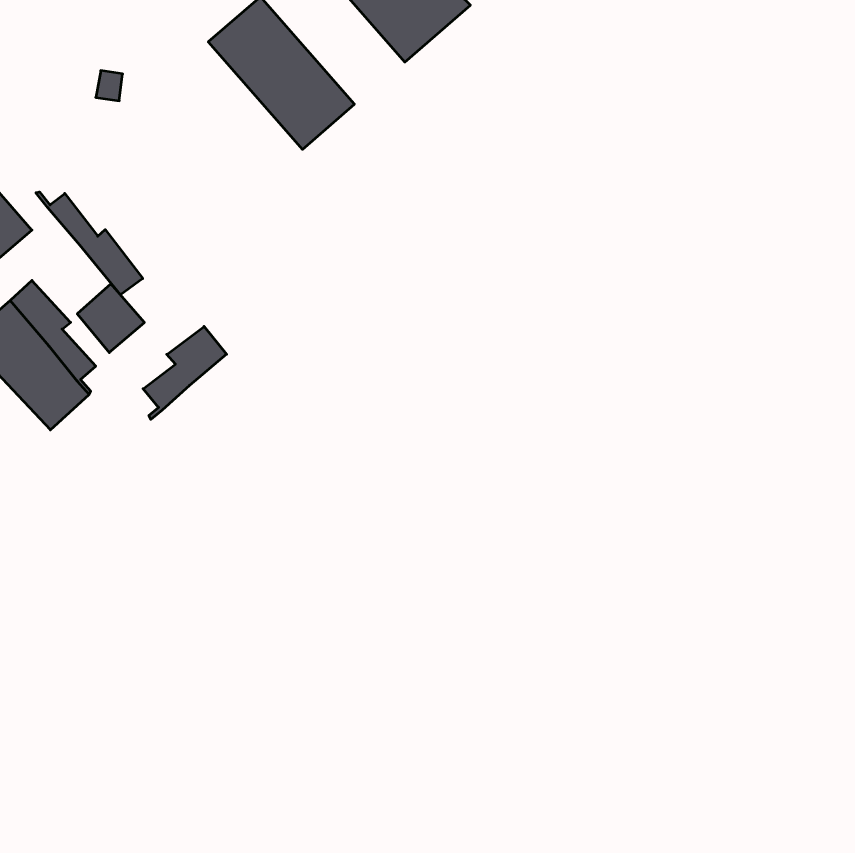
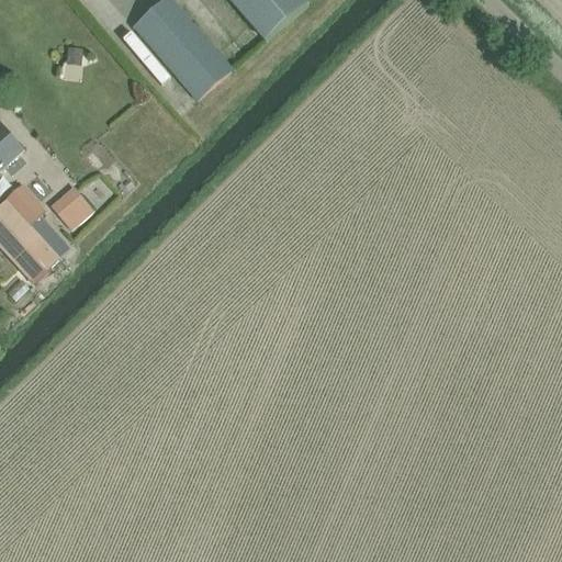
building: [36,192,143,295] -> none
building: [143,326,227,419] -> none

